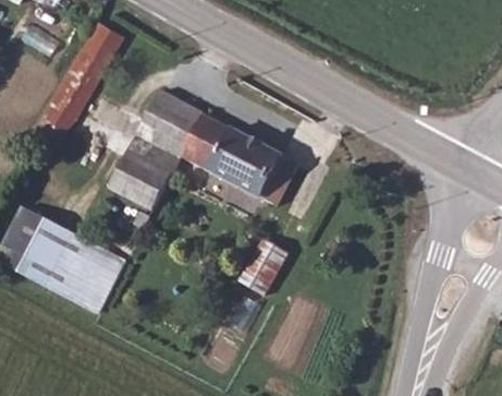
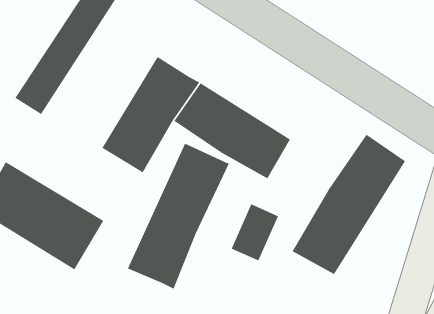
building: none -> [292,134,406,275]
building: none -> [127,143,230,289]

